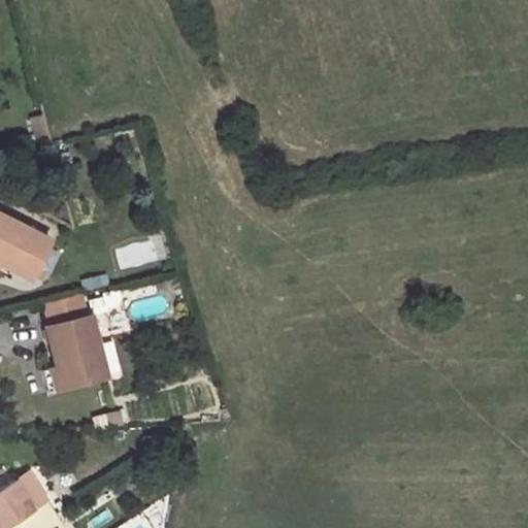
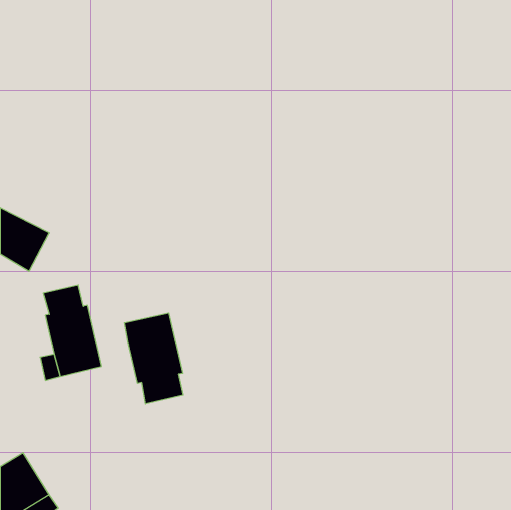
building: none -> [124,313,183,404]

